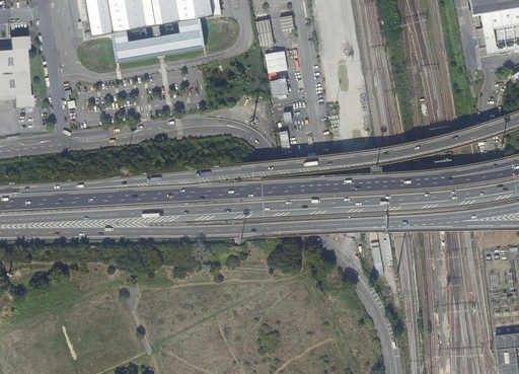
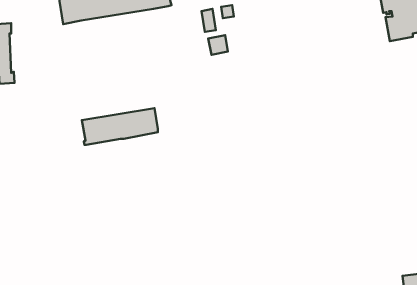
building: [114,17,204,61] -> [82,108,158,145]

